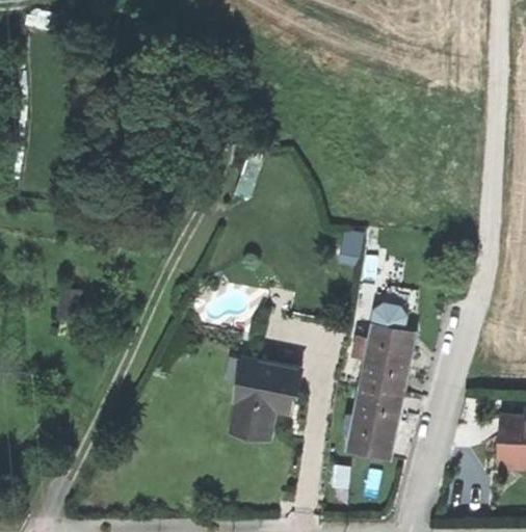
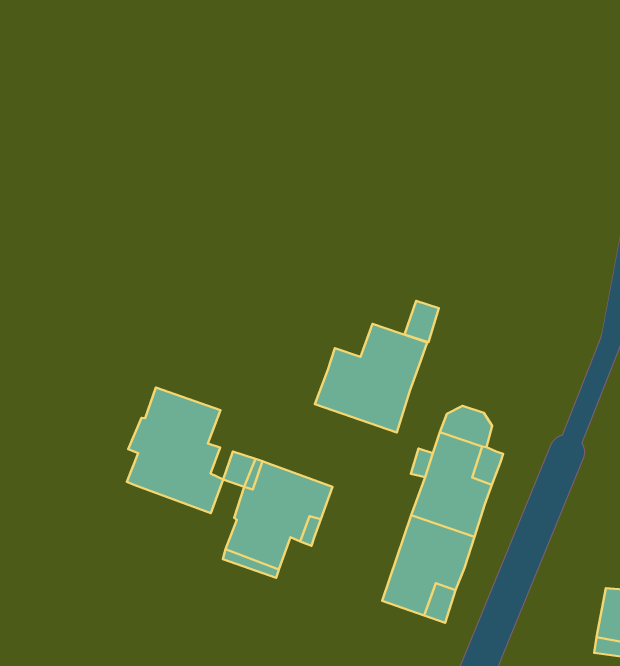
building: none -> [315,324,427,432]
building: none -> [127,387,223,513]

